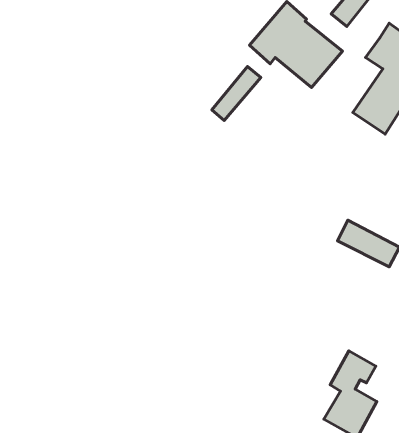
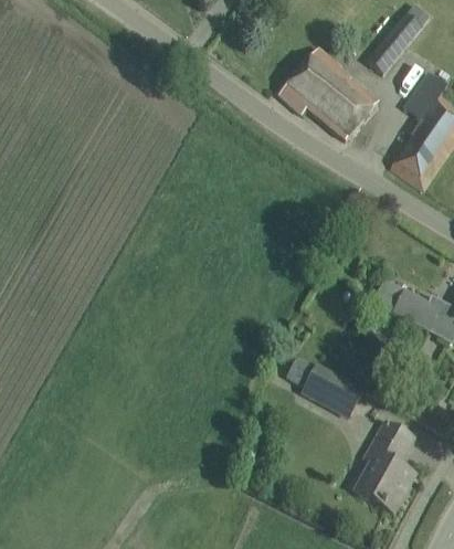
building: [212,66,261,121] -> none
building: none -> [284,353,365,418]

